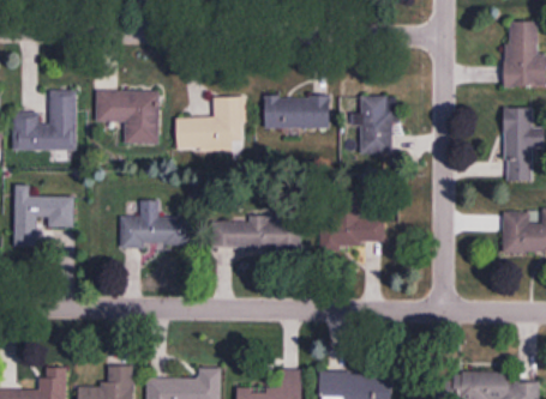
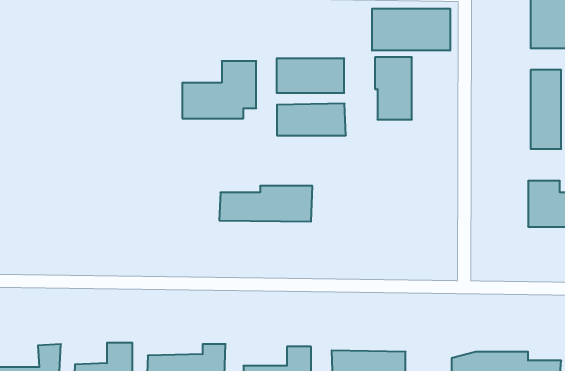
building: none -> [372,9,450,51]
building: [13,91,77,151] -> none
building: [96,91,158,144] -> none
building: [14,186,73,247] -> none
building: [121,201,193,248] -> none
building: [319,217,384,247] -> [277,104,346,135]

